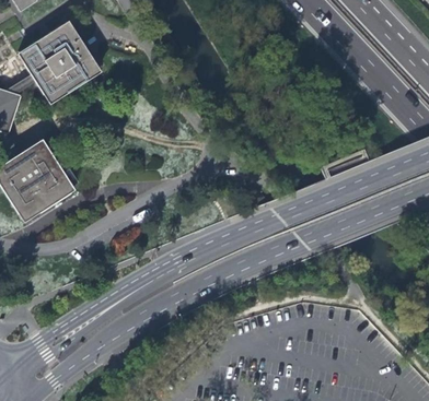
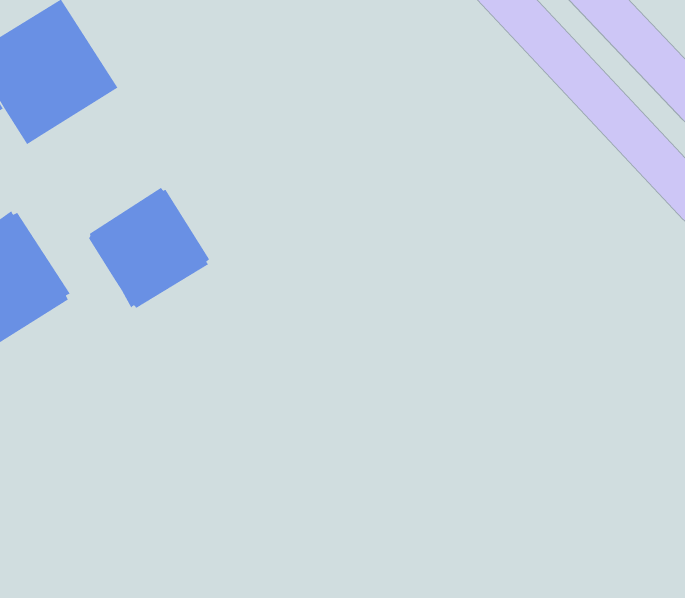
building: none -> [88,187,210,309]

